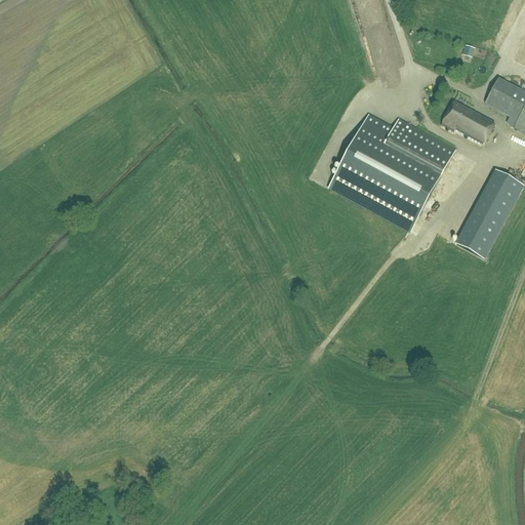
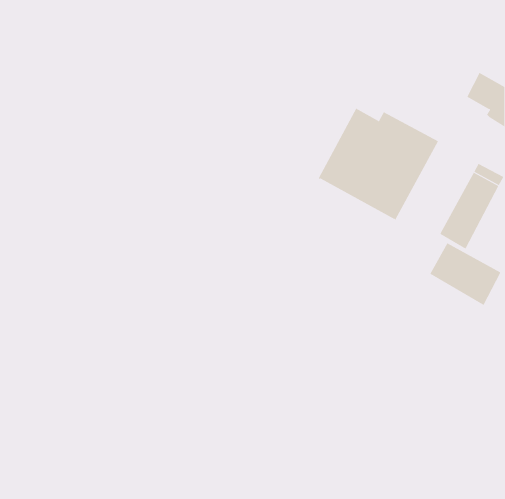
building: [441,98,494,142] -> none
building: none -> [429,243,501,305]

